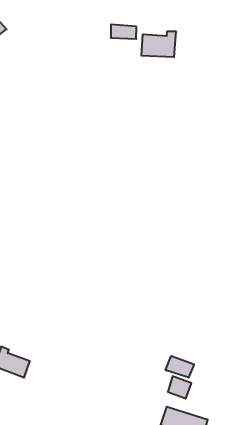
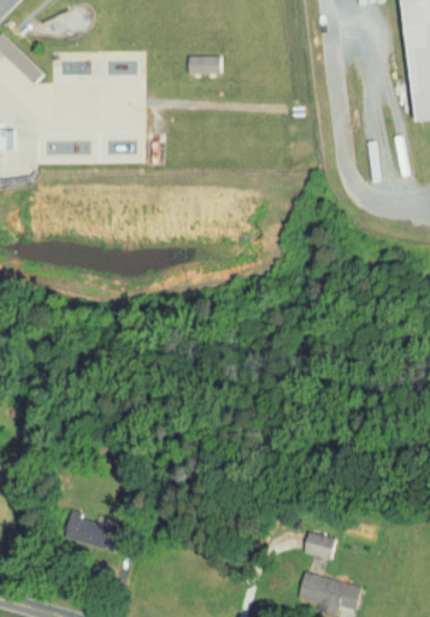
building: [141,31,176,57] -> none
building: [166,356,194,378] -> none

